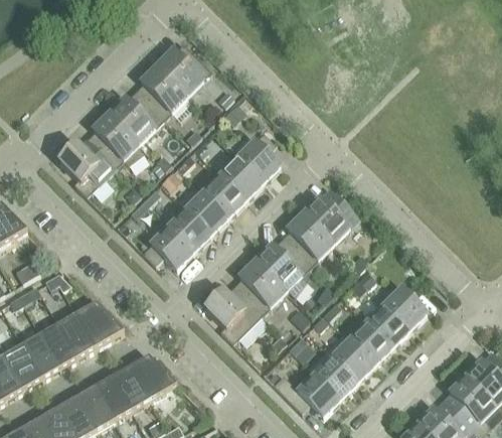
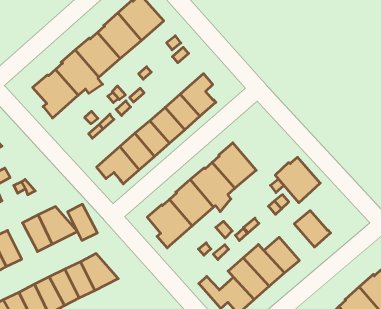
building: [303,189,357,244] -> [275,157,320,203]
building: [365,305,408,348] -> none
building: [40,324,77,368] -> [68,204,97,240]

